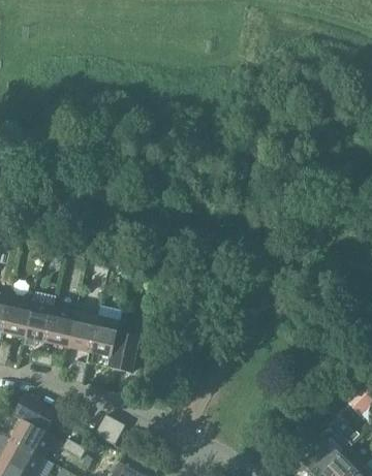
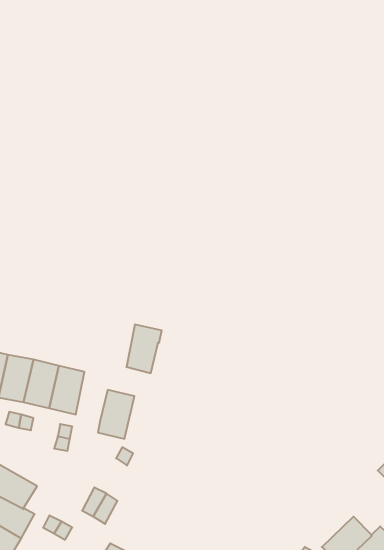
building: [89,317,119,358] -> [126,324,162,373]

